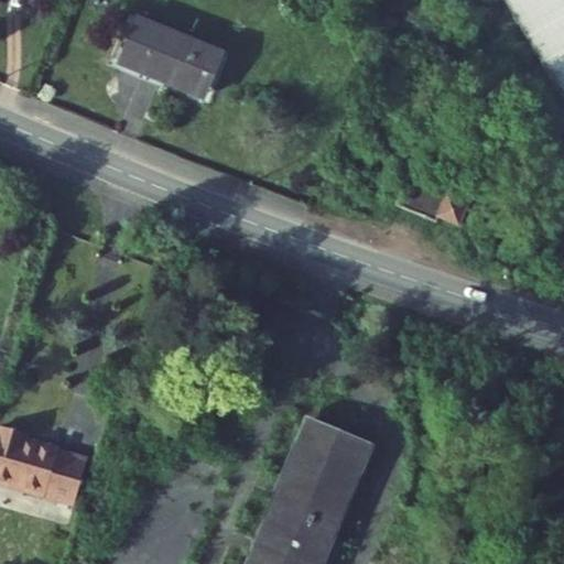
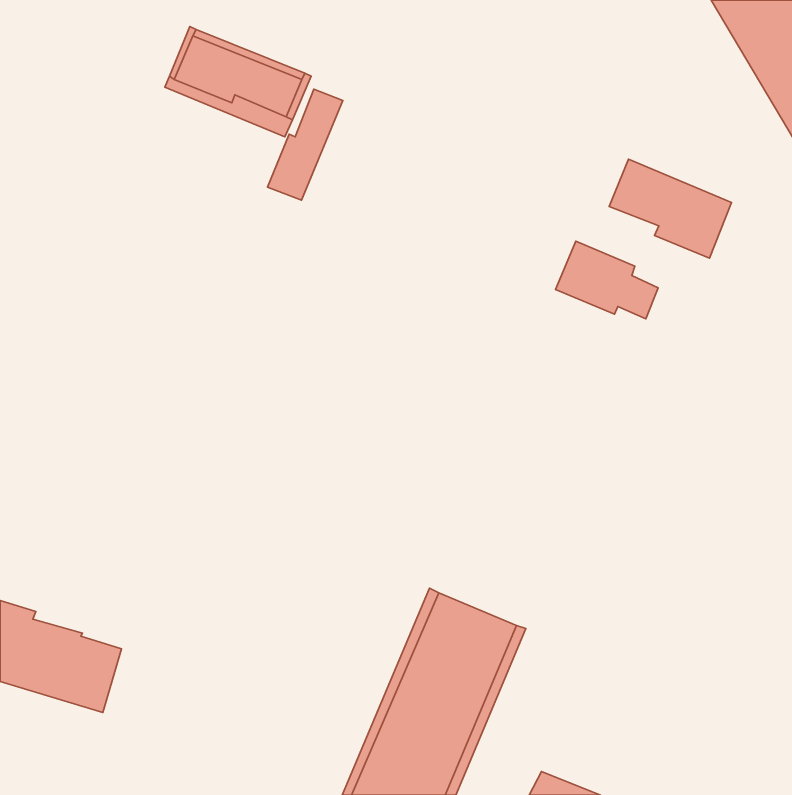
building: none -> [267,89,343,200]
building: none -> [609,159,732,258]

